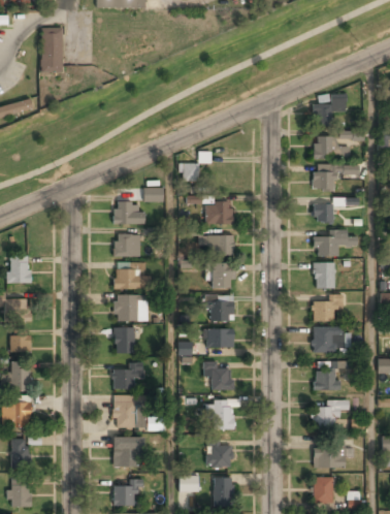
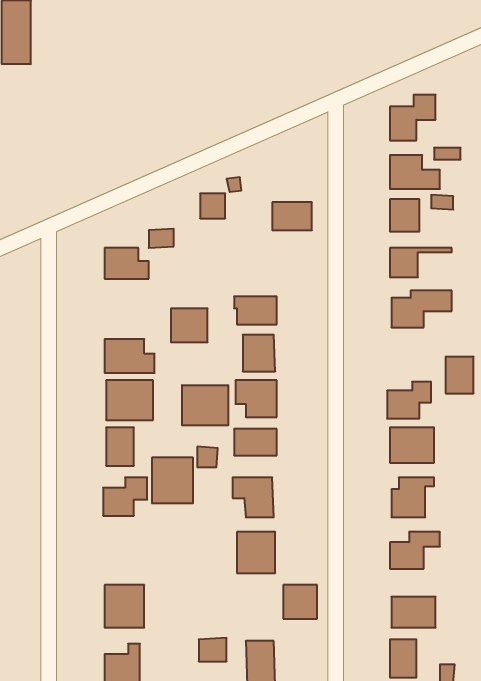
building: [204,203,232,223] -> [272,202,312,230]
building: [113,233,139,257] -> [171,308,208,342]
building: [315,262,334,288] -> [446,357,474,393]
building: none -> [182,385,228,425]
building: [113,395,142,427] -> [152,458,193,503]
building: [207,444,231,468] -> [283,585,317,619]

